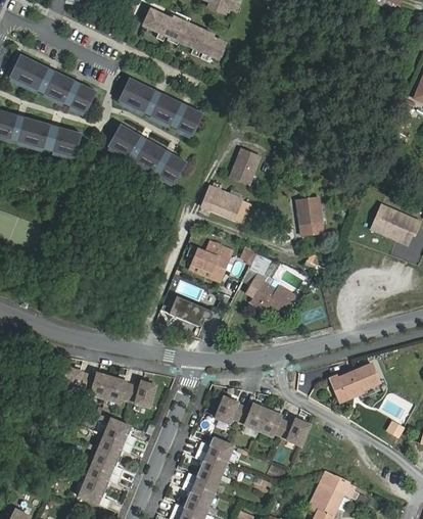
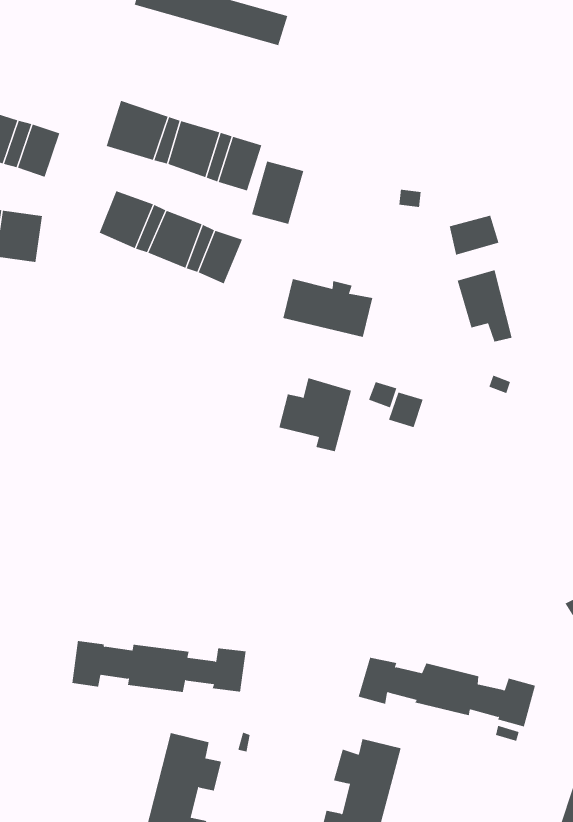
building: [229,149,261,185] -> [251,161,304,225]
building: none -> [449,215,499,256]
building: [252,281,295,313] -> none
building: [169,296,214,326] -> none

